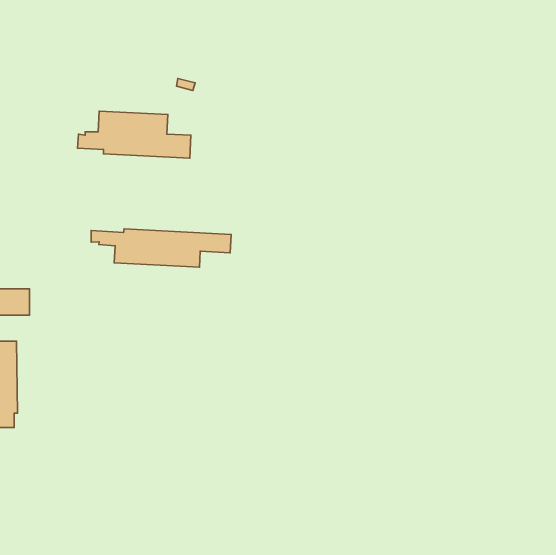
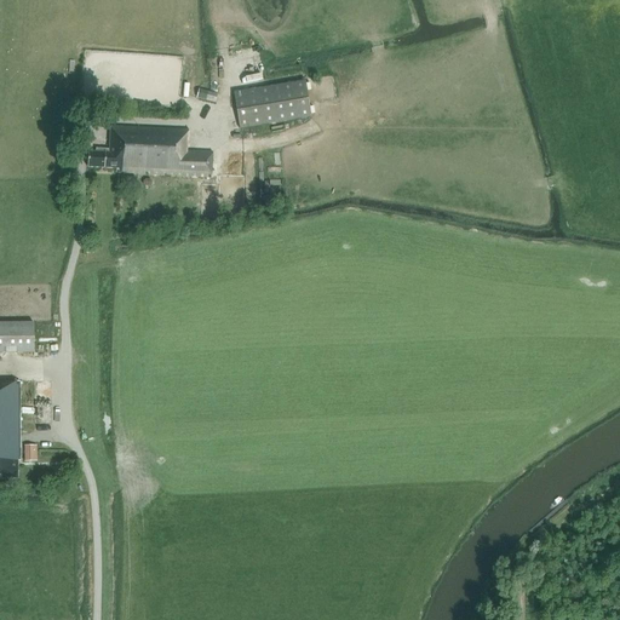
building: none -> [232,78,310,127]
building: [91,229,231,267] -> none

